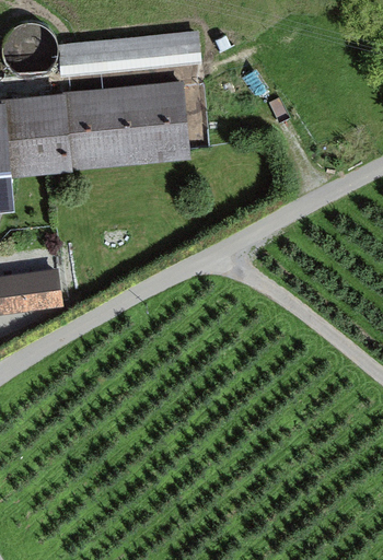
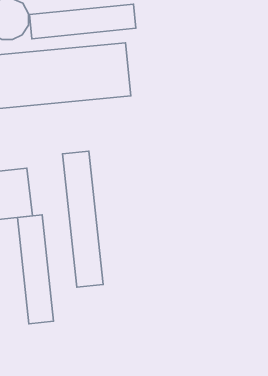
building: none -> [63,151,103,287]
building: none -> [17,215,53,324]

